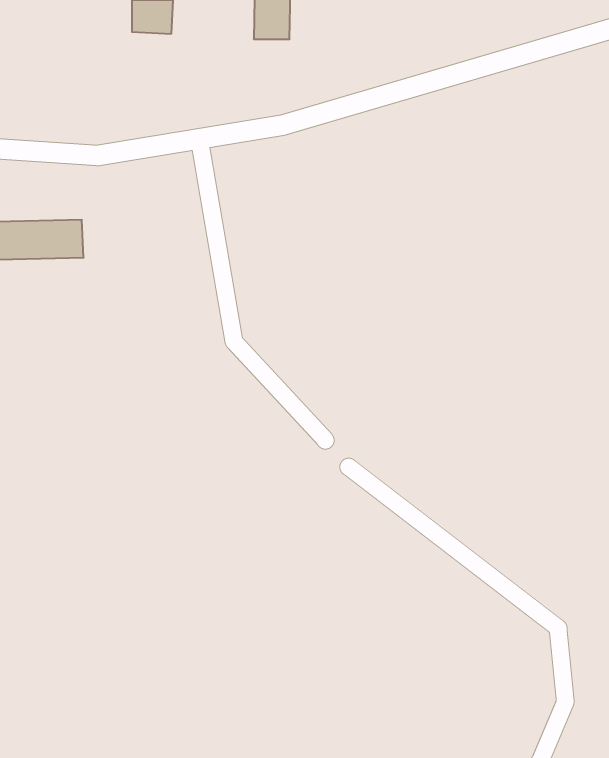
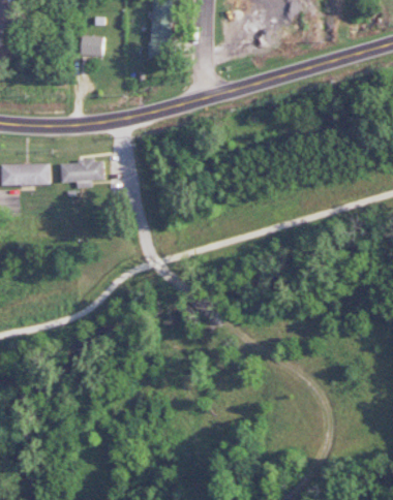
building: none -> [60,160,104,188]

